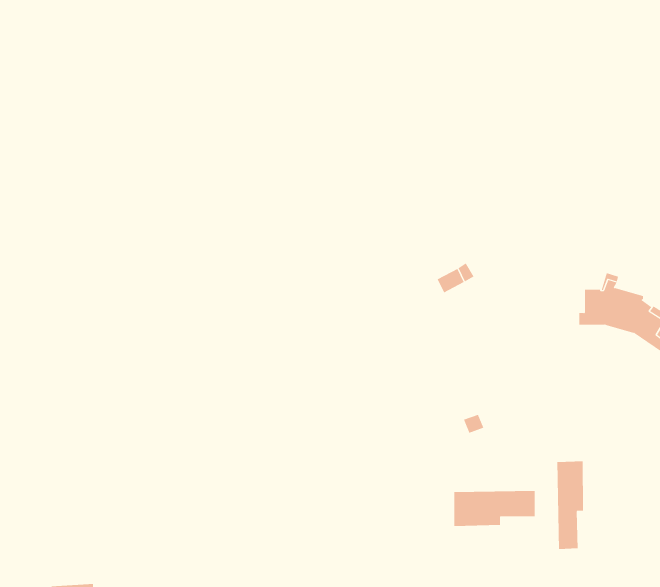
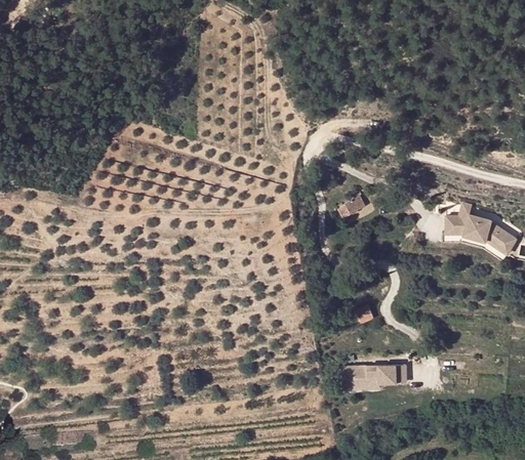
building: [557,460,583,550] -> none

